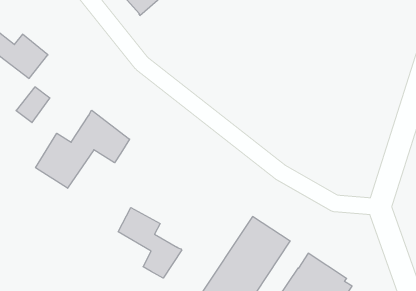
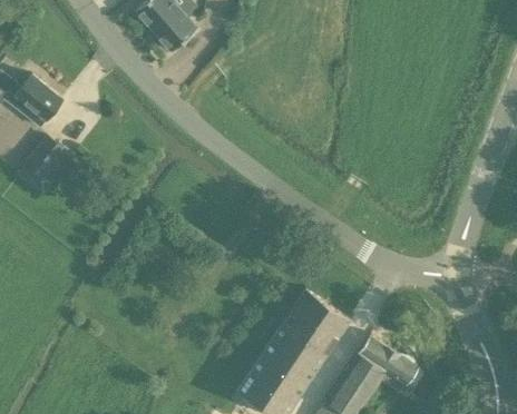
building: [36,110,130,188] -> none
building: [118,208,182,278] -> none

